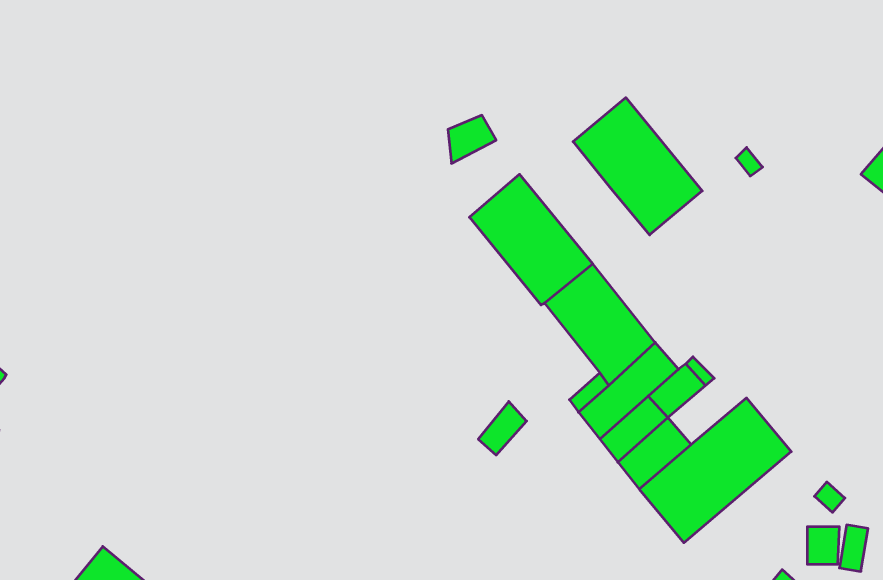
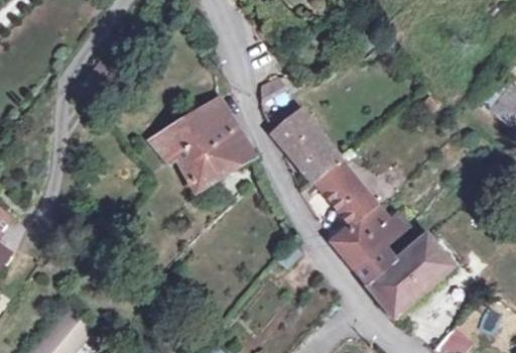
building: [573,98,702,235] -> none
building: none -> [150,97,254,193]

